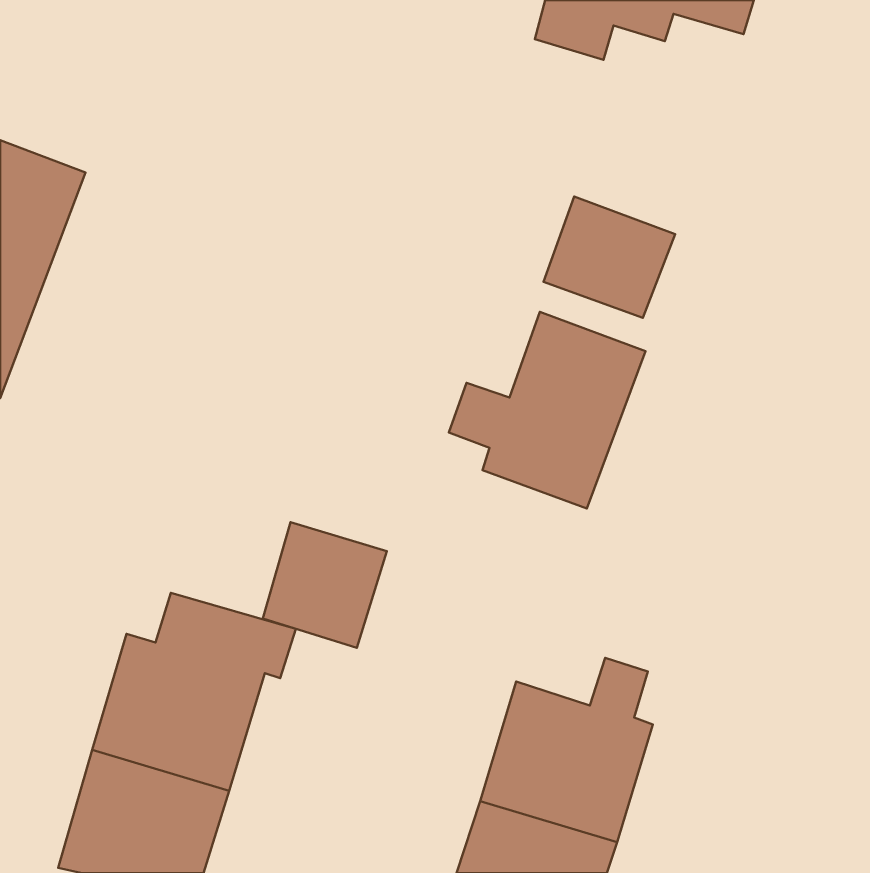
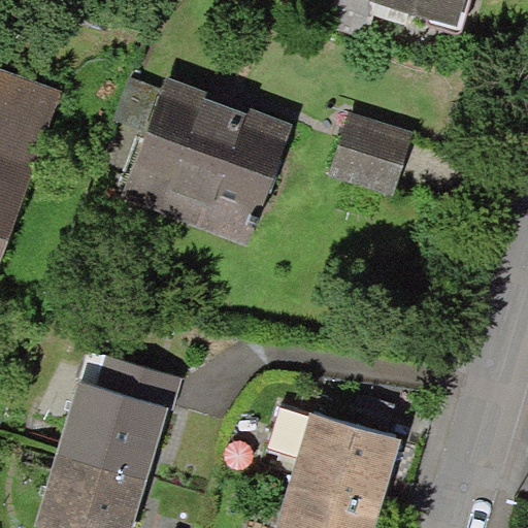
building: none -> [128,89,279,236]
building: [449,312,646,509] -> none
building: [263,522,387,648] -> none

